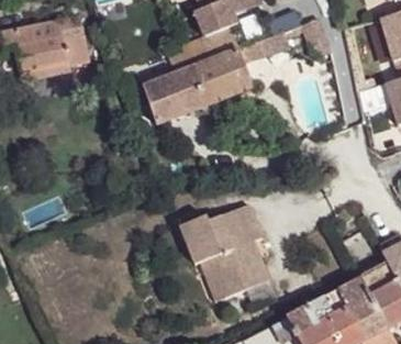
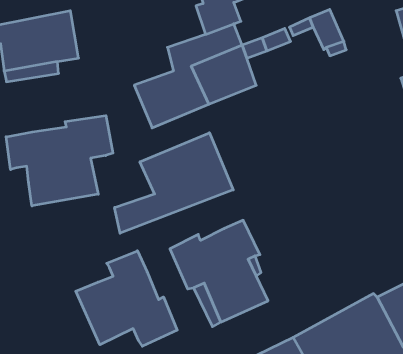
building: none -> [6,116,113,206]
building: none -> [115,133,233,233]
building: none -> [76,251,177,346]

